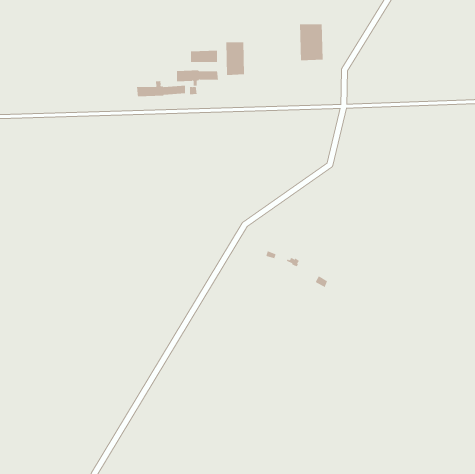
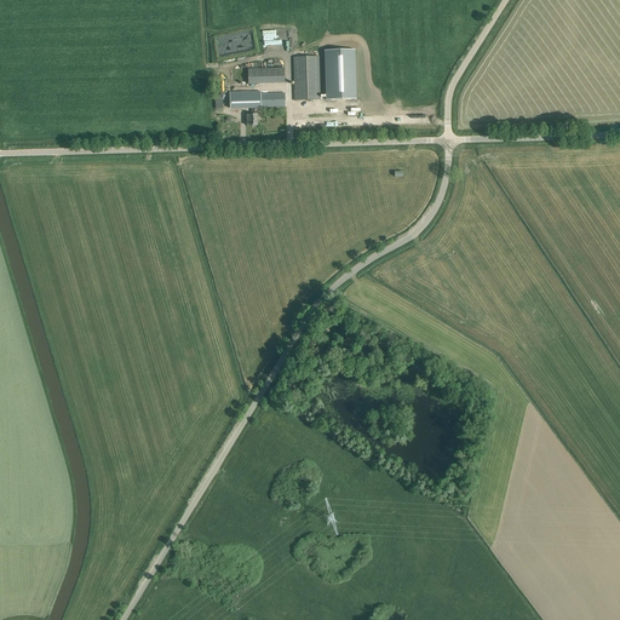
building: [299,24,324,61] -> [325,48,356,97]
building: [137,80,186,97] -> none

